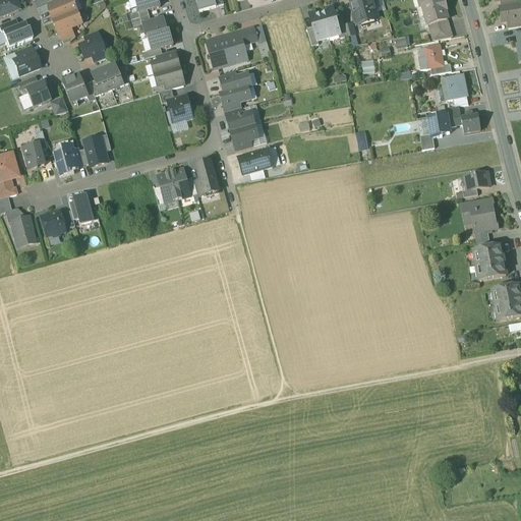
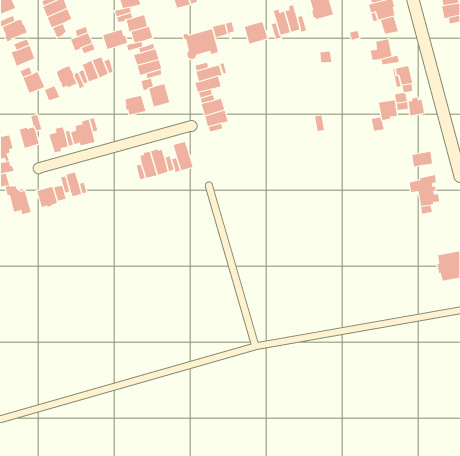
building: none -> [244,21,268,44]
building: none -> [102,29,128,50]
building: none -> [125,95,146,116]
building: [238,148,273,174] -> none
building: [473,244,506,279] -> none

